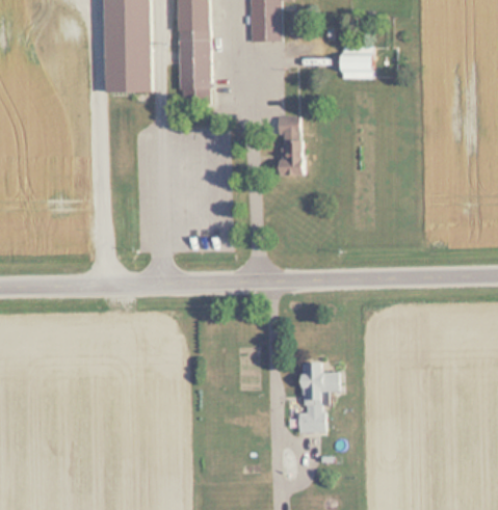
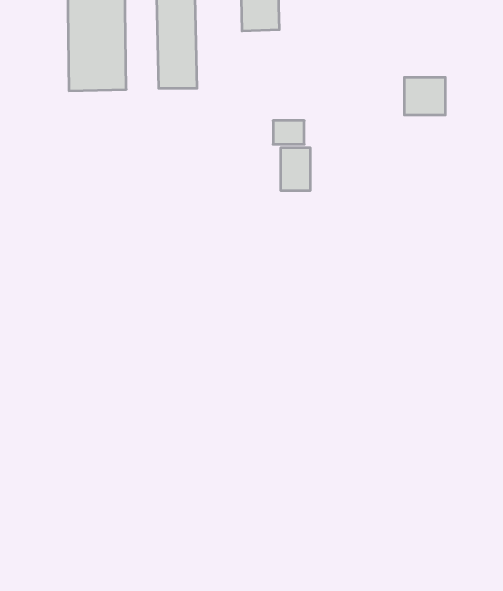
building: [340,46,374,77] -> [404,77,445,115]
building: [300,363,340,431] -> none

